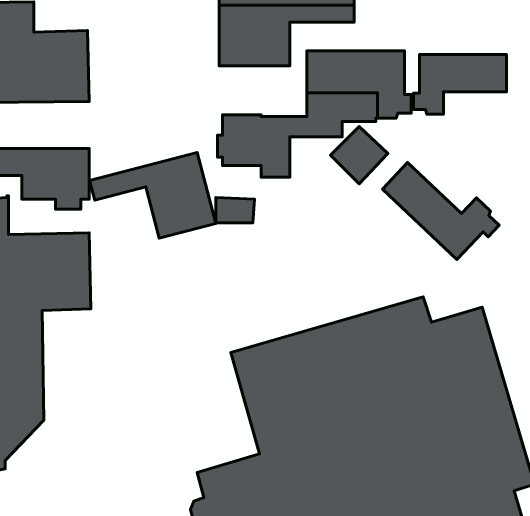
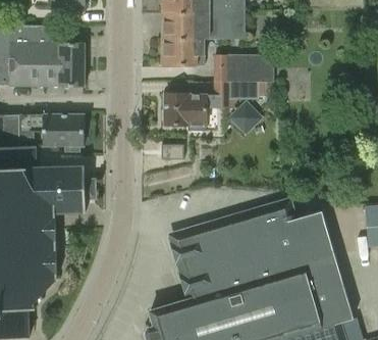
building: [413,55,507,114] -> none
building: [90,152,216,238] -> none
building: [382,163,499,260] -> none

